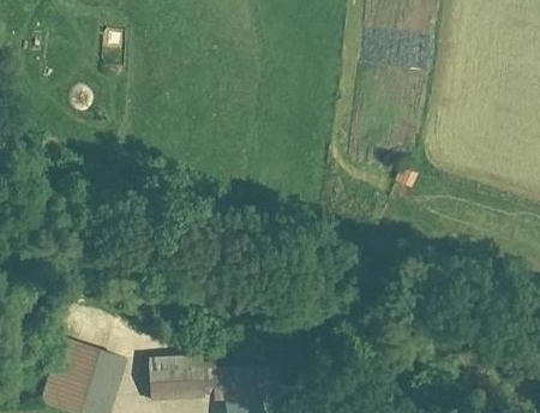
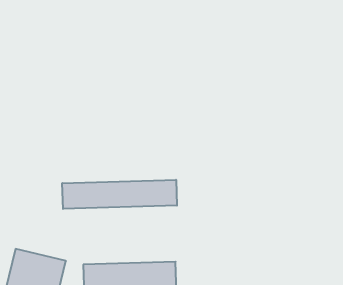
building: none -> [62,180,177,209]

